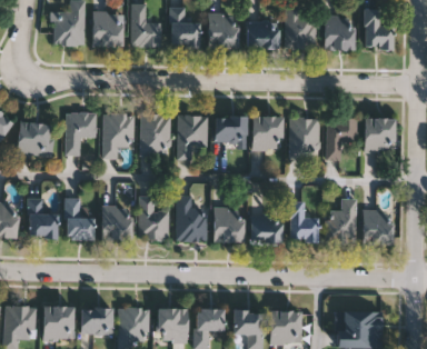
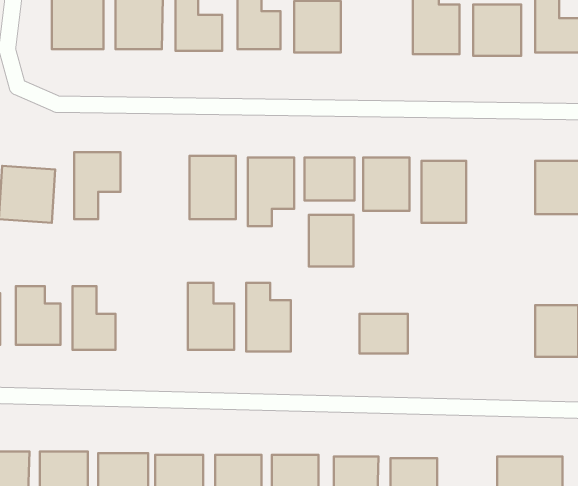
building: [246,26,278,48] -> none
building: [102,113,135,159] -> none
building: [326,118,356,160] -> none
building: [328,198,356,245] -> none
building: [289,201,318,241] -> none
building: [101,207,131,240] -> none
building: [214,209,242,242] -> [309,215,354,267]

